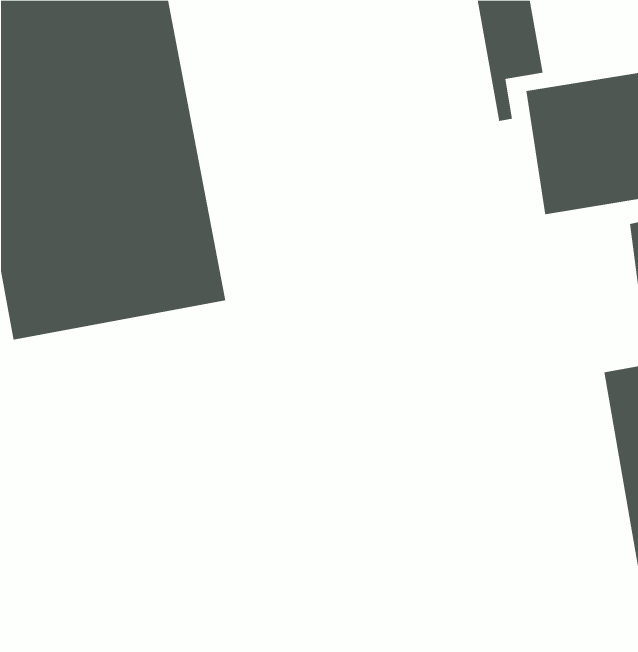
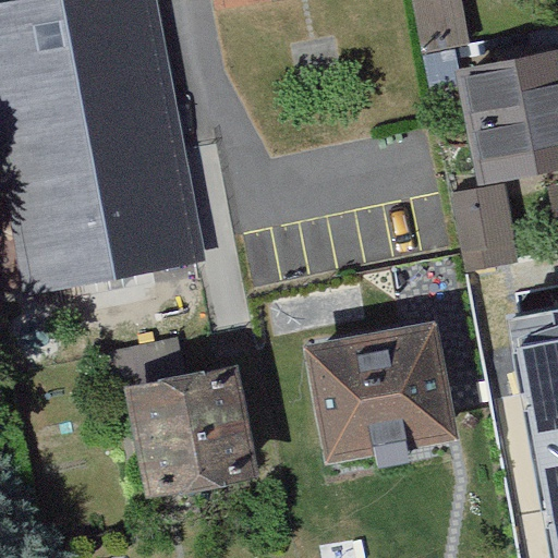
building: none -> [463,183,530,268]
building: none -> [298,315,454,460]
building: none -> [124,365,259,504]

